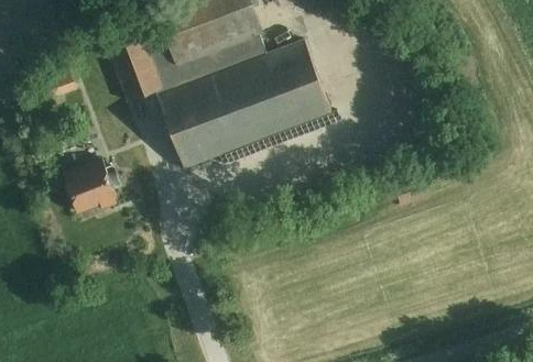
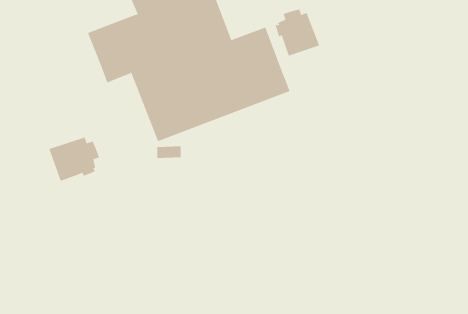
building: none -> [275,9,320,57]

